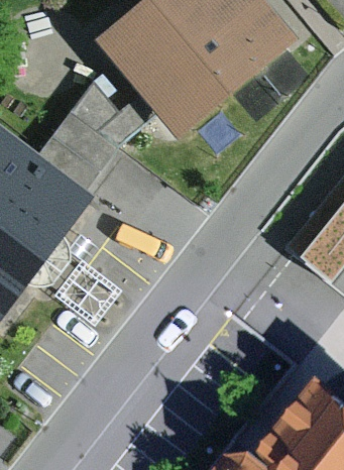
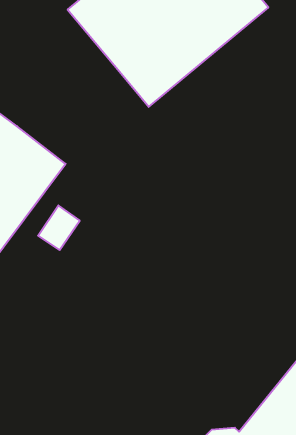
building: [41,82,158,194] -> none

